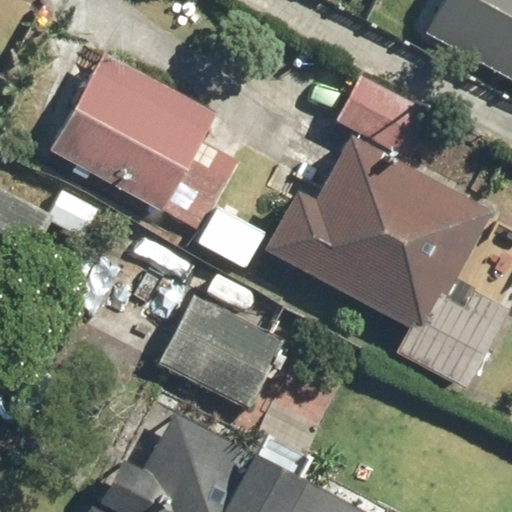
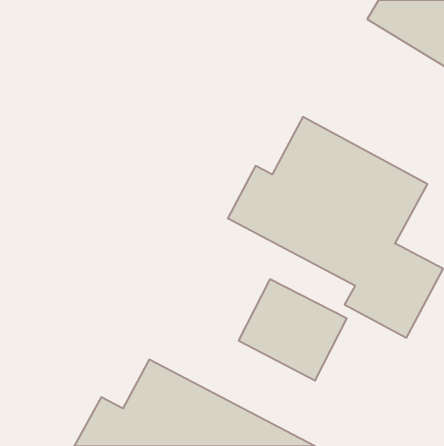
building: [51,54,238,230] -> none
building: [160,294,284,410] -> [239,279,347,381]

